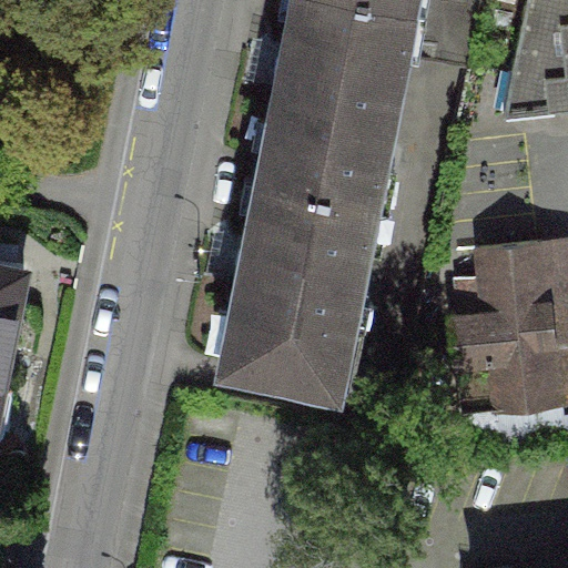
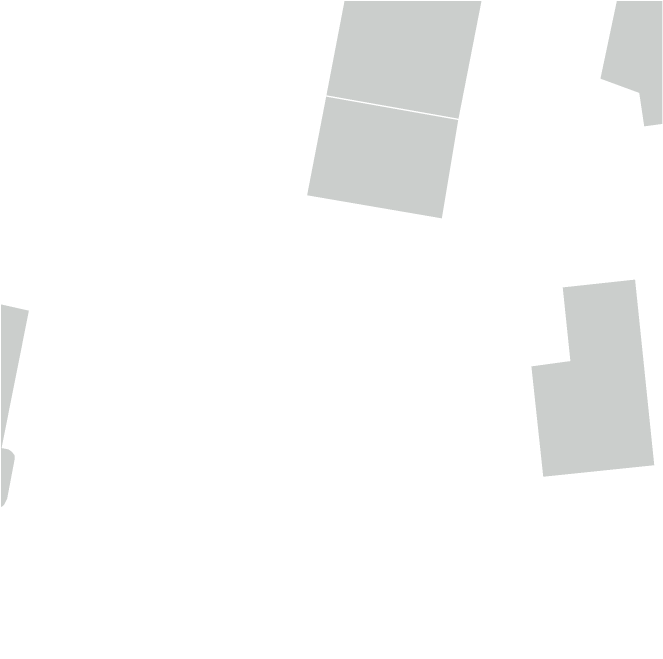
building: [224,171,378,384] -> none

